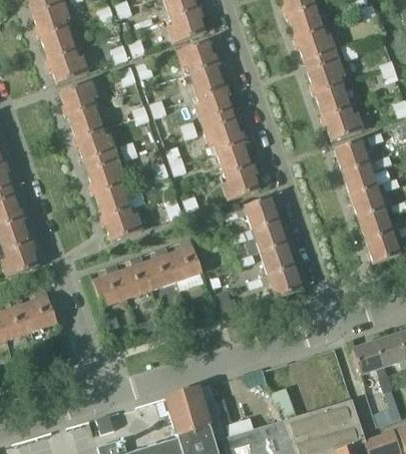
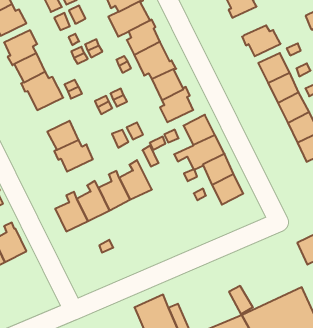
building: [317,86,350,116] -> none
building: [88,159,123,195] -> none

